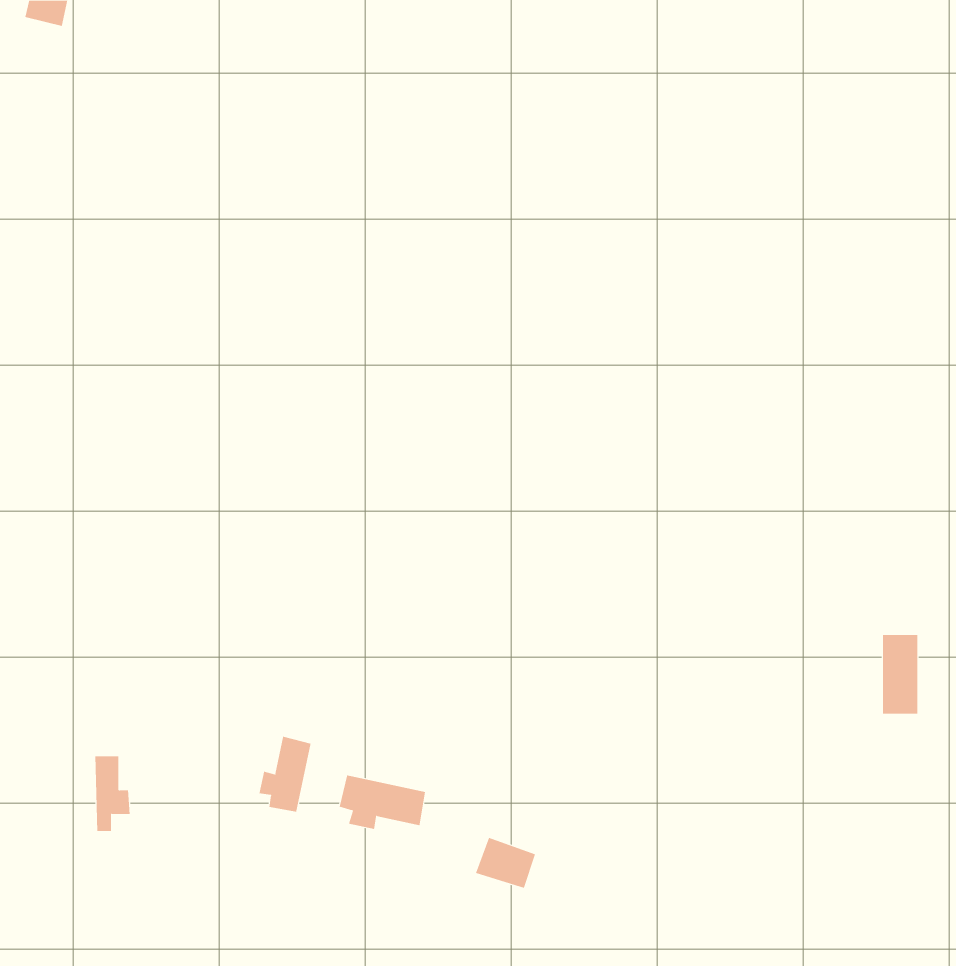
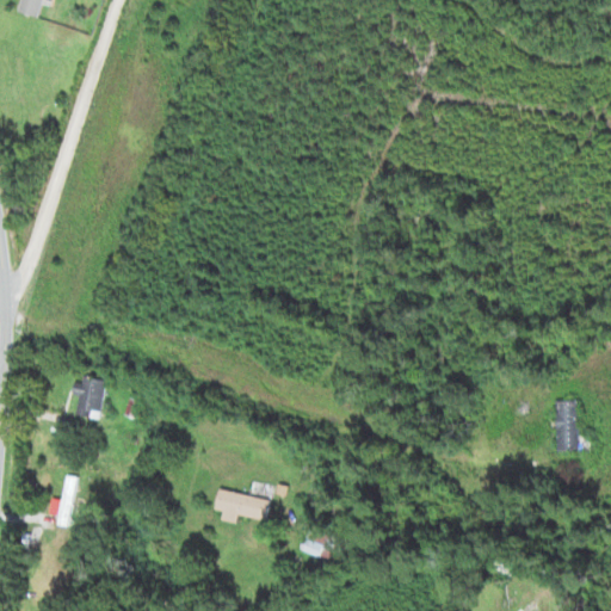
building: none -> [73,376,104,419]
building: [259,736,311,813] -> none

